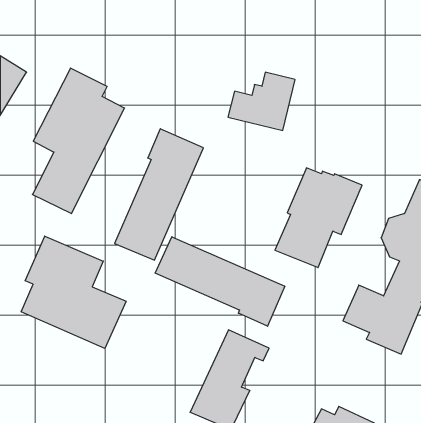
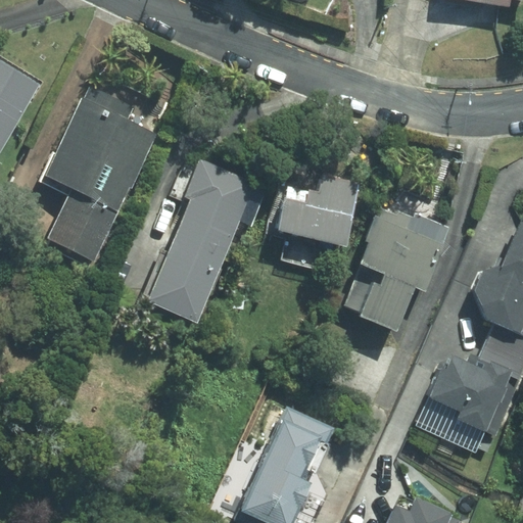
building: [228,72,295,130] -> [277,175,360,246]
building: [21,236,126,349] -> none
building: [155,237,285,326] -> none

